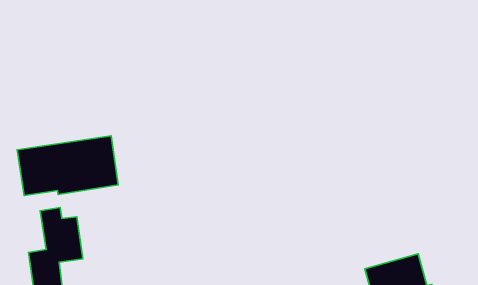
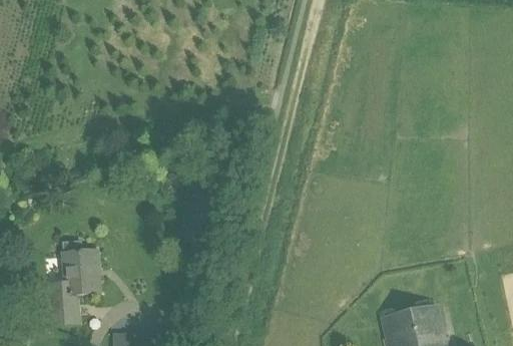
building: [17,136,118,195] -> none

